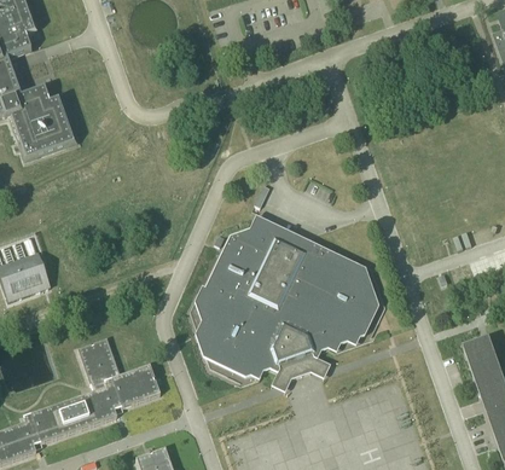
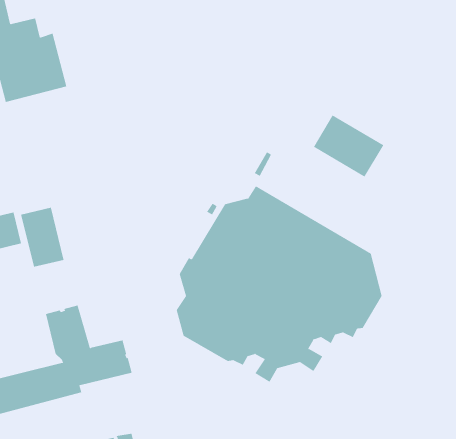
building: none -> [313,115,384,177]
building: none -> [21,207,64,268]

